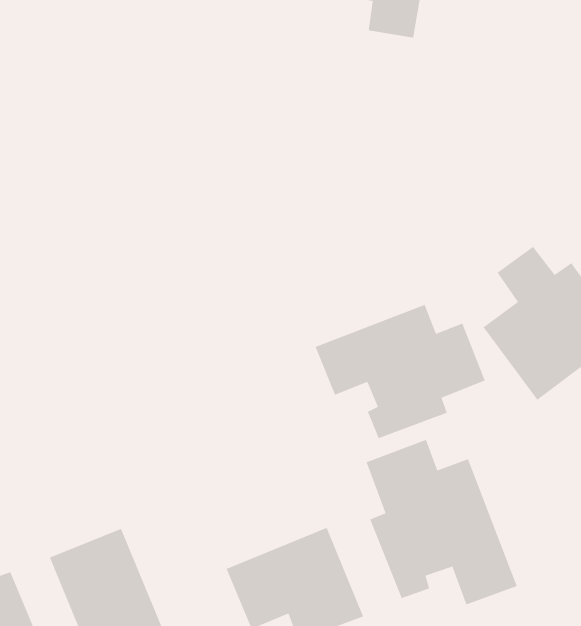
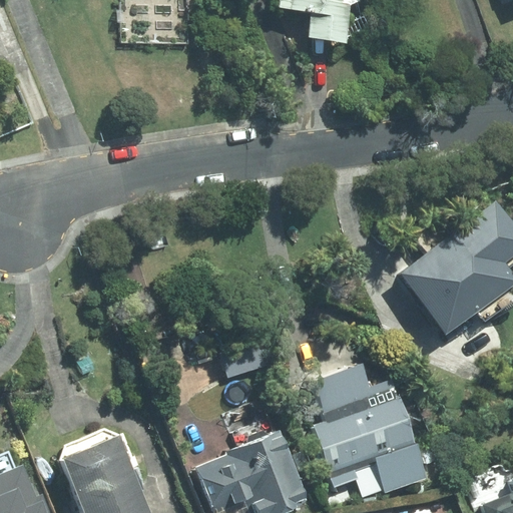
building: [315,304,486,439] -> none

